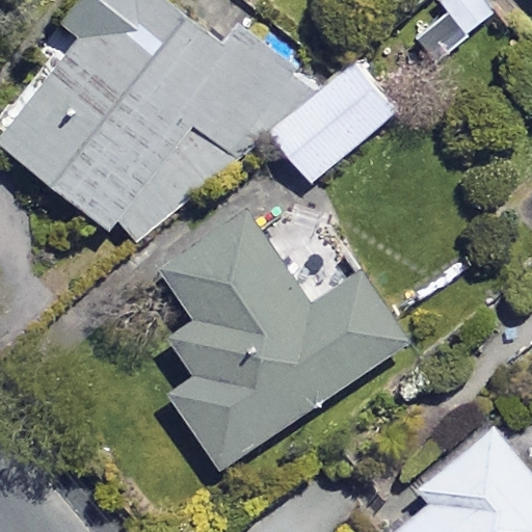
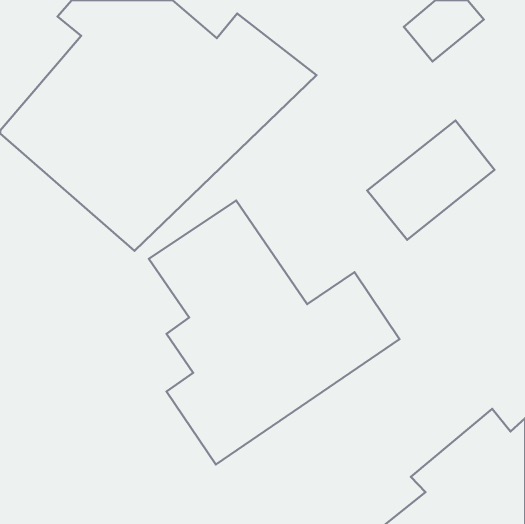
building: [269,64,398,185] -> [367,121,495,240]

